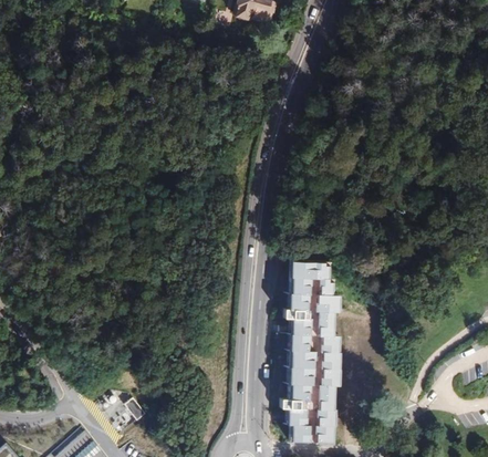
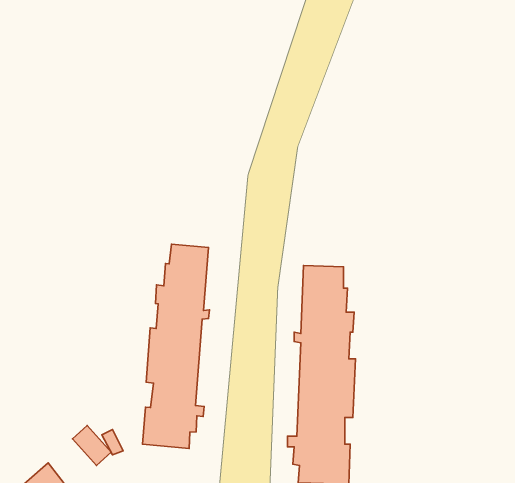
building: none -> [142,244,210,448]

